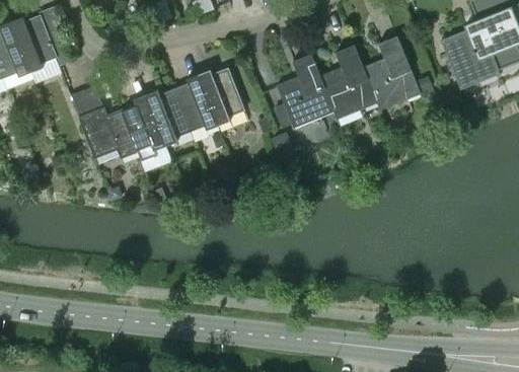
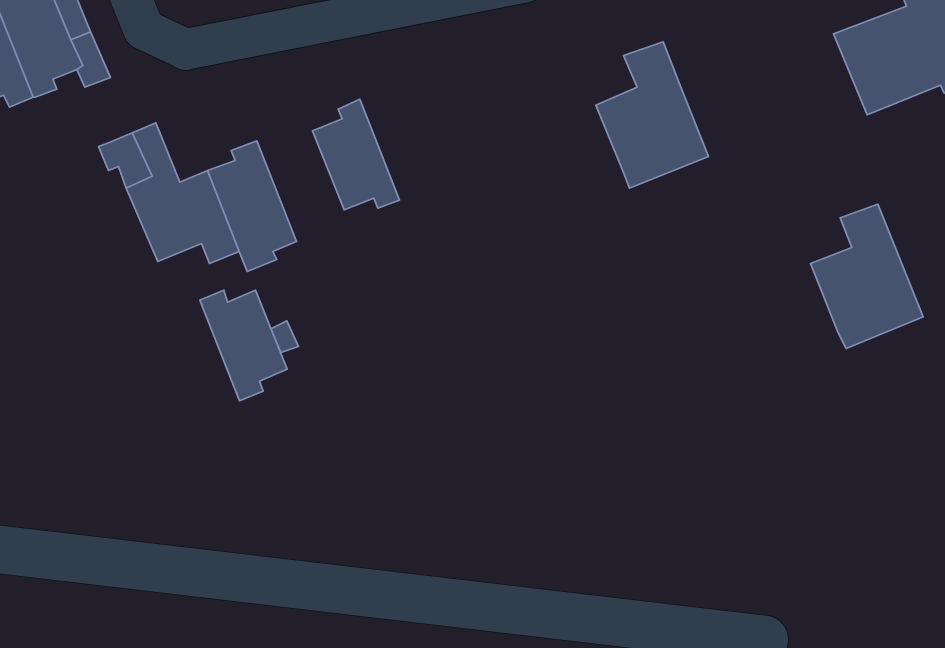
building: [362,38,420,111] -> [810,204,923,349]
building: [275,55,332,129] -> none
building: [198,69,243,126] -> none
building: [145,90,190,147] -> [200,290,287,401]

